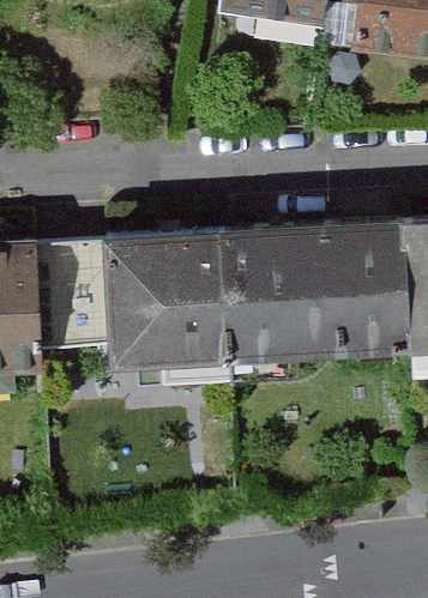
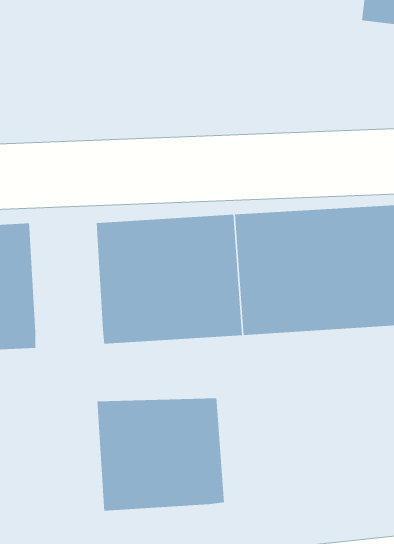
building: [47,241,116,346] -> none
building: none -> [96,397,225,512]

